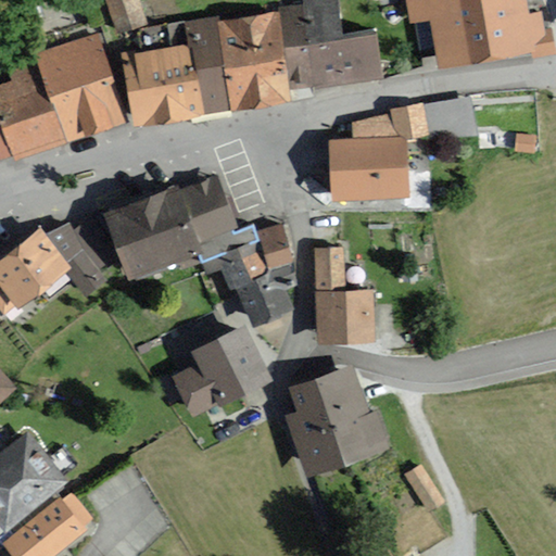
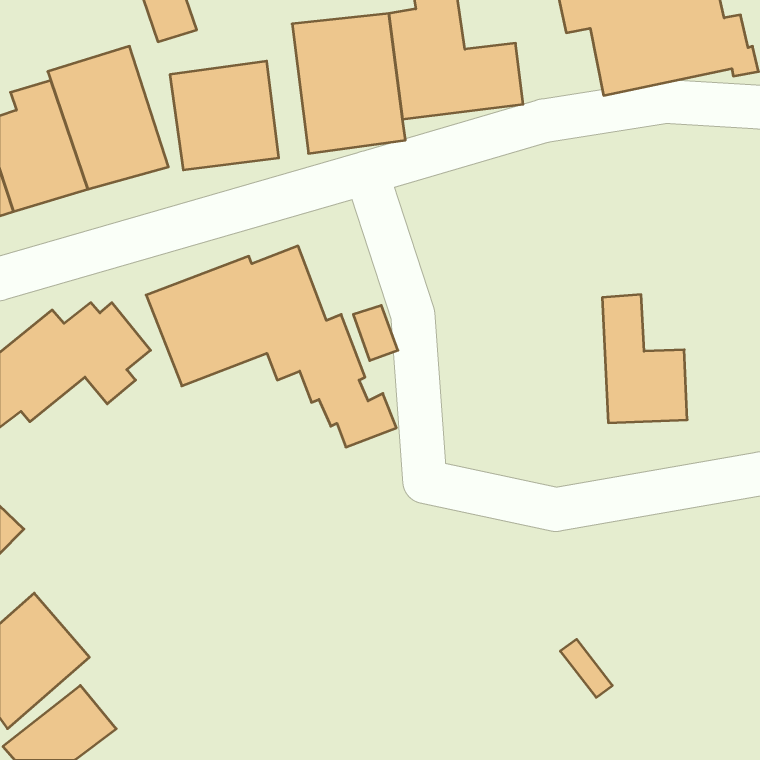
building: [192,17,225,115] -> none
building: [334,97,476,201] -> none
building: [315,248,377,341] -> [602,295,687,423]
building: [176,325,269,410] -> none
building: [288,368,390,476] -> none

